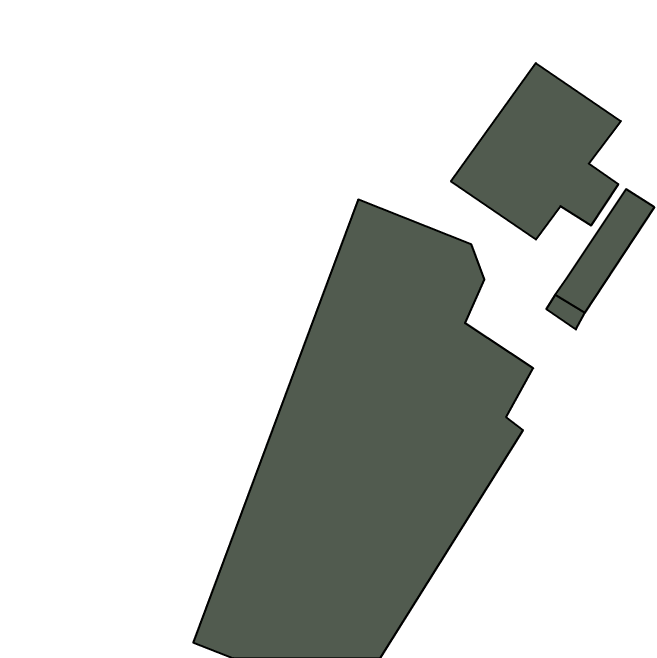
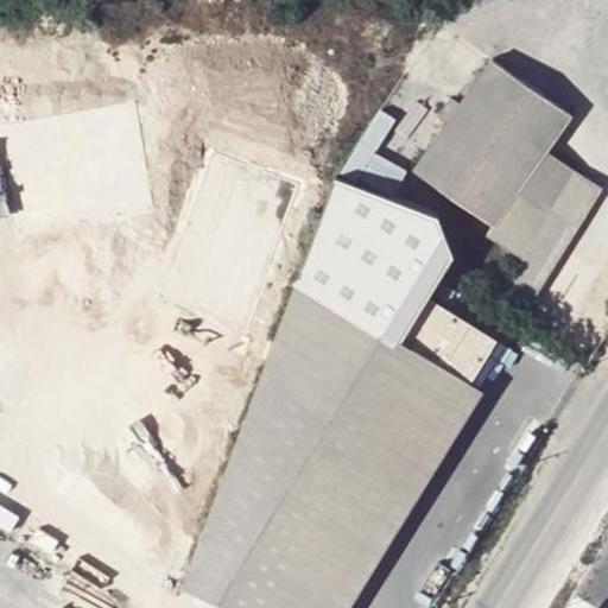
building: none -> [487,151,578,256]

